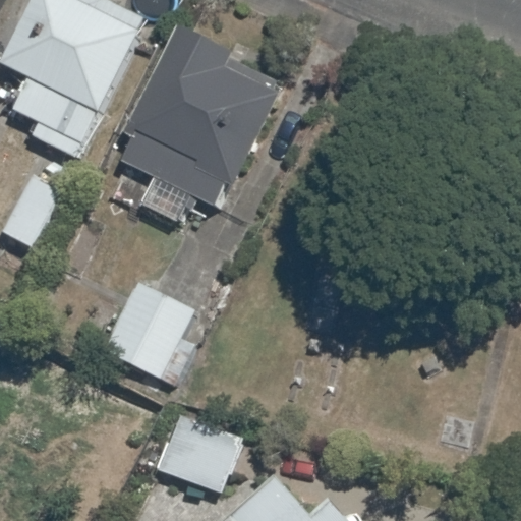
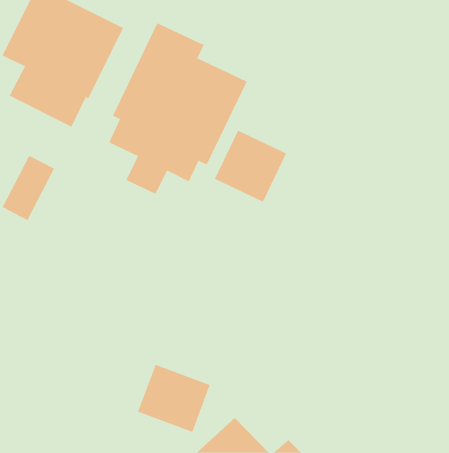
building: none -> [214,130,287,202]
building: [104,282,192,375] -> none

